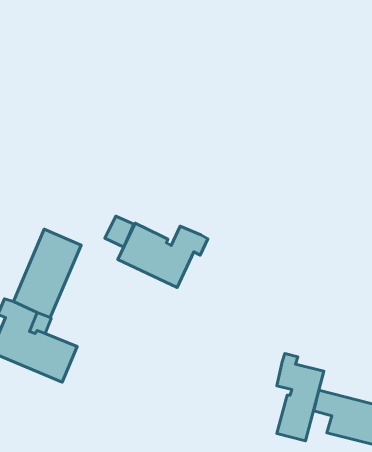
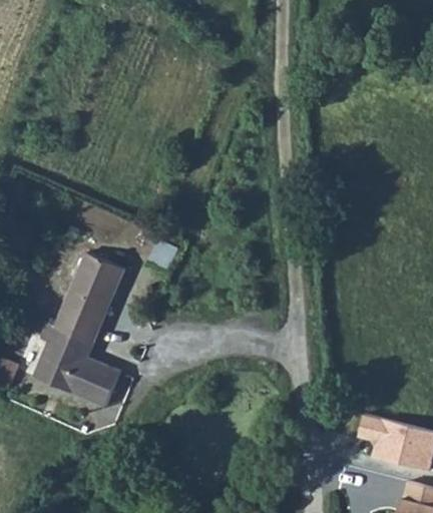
building: [118,223,208,287] -> none
building: [277,354,324,441] -> none

